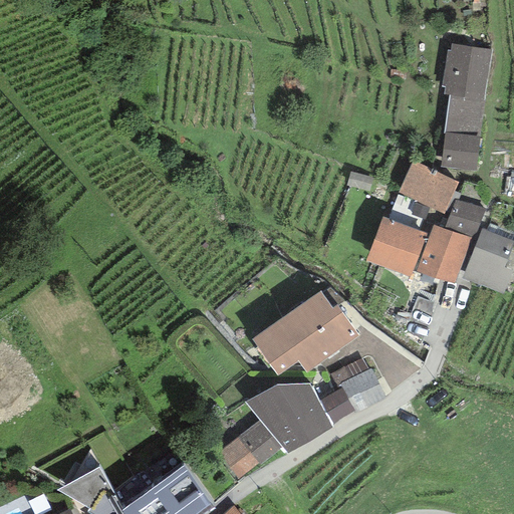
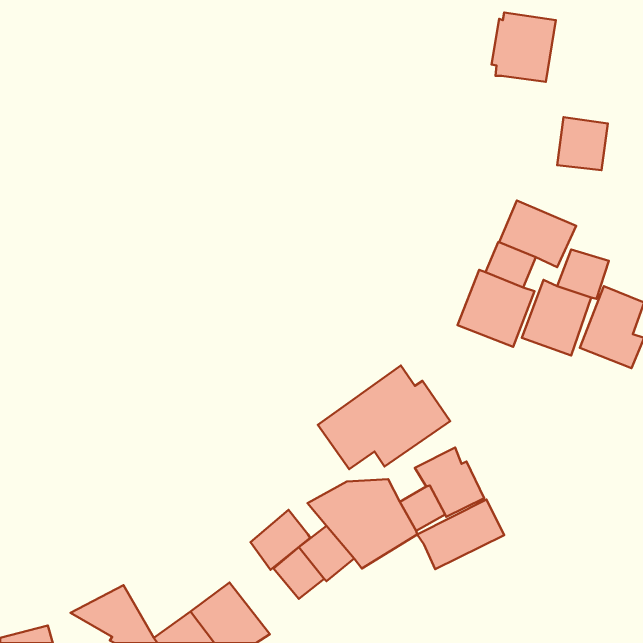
building: [442,43,493,98] -> [492,13,556,82]
building: [441,132,480,171] -> none
building: none -> [417,500,504,569]
building: none -> [251,510,310,570]

